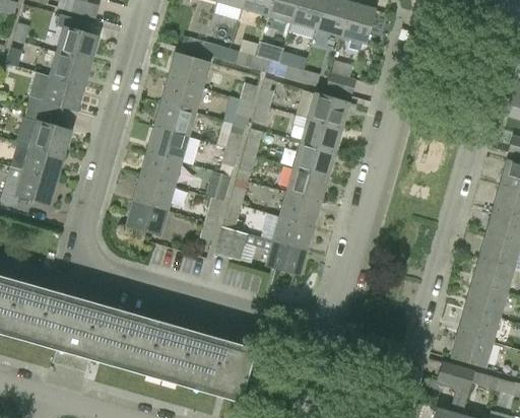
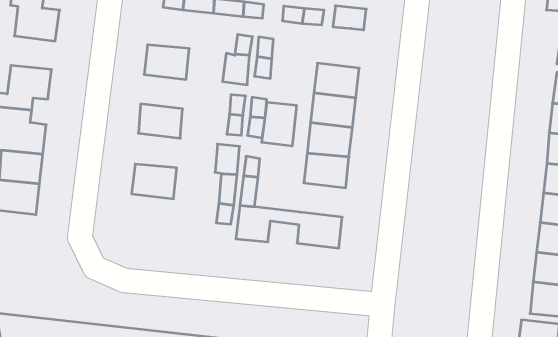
building: [50,51,90,84] -> none
building: [168,52,209,86] -> none
building: [308,91,349,127] -> none
building: [153,101,195,136] -> none
building: none -> [262,102,296,146]
building: [140,150,182,185] -> none
building: [126,200,168,235] -> none
building: [272,215,314,250] -> none

